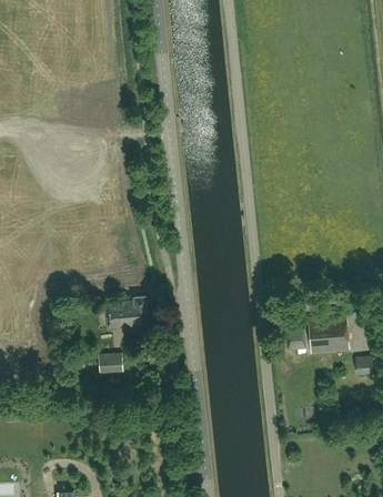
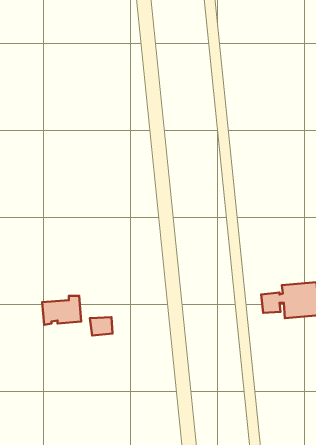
building: [107,298,149,329] -> [42,296,81,325]

